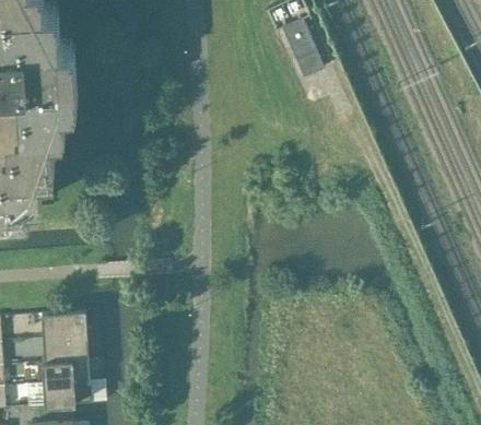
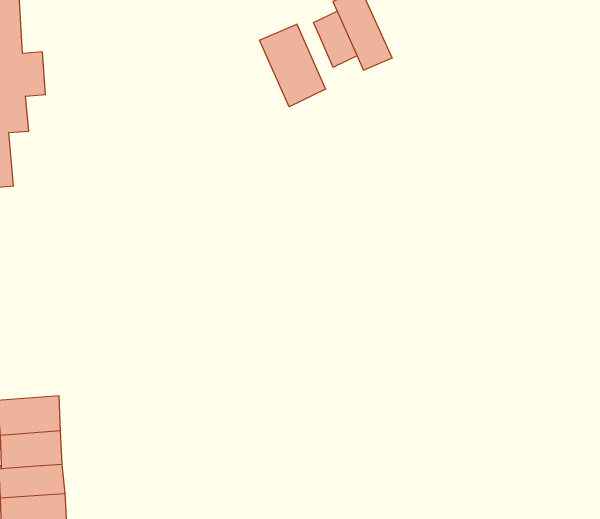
building: none -> [313,11,357,67]
building: none -> [260,24,326,107]

